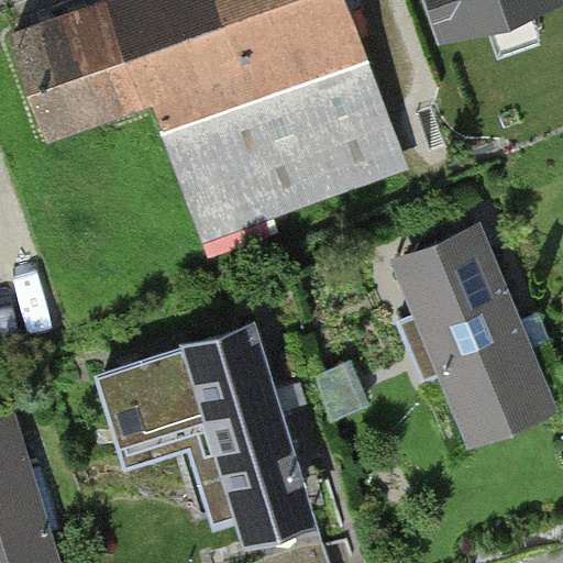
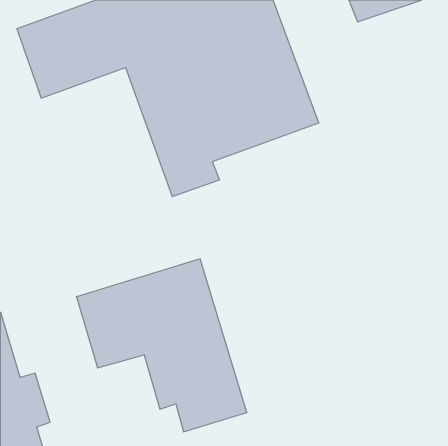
building: [401,229,543,415] -> none

